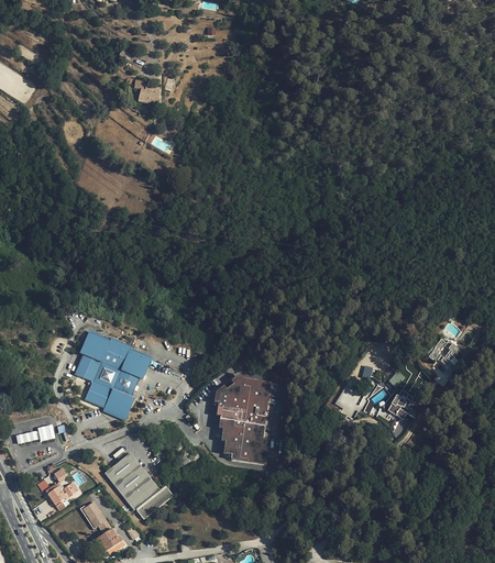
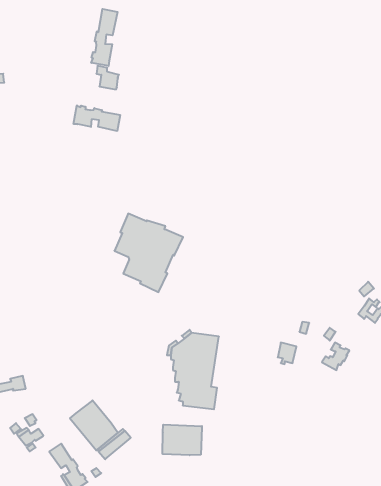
building: none -> [91,9,118,66]
building: none -> [74,105,120,131]
building: [76,330,153,418] -> [114,214,183,292]
building: none -> [163,425,202,455]

